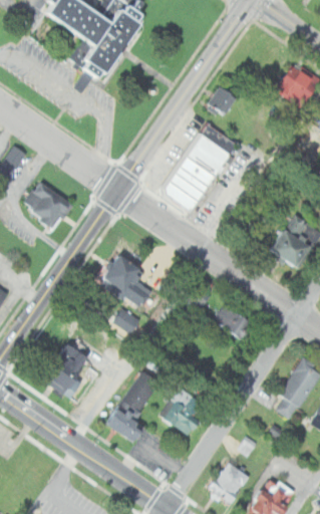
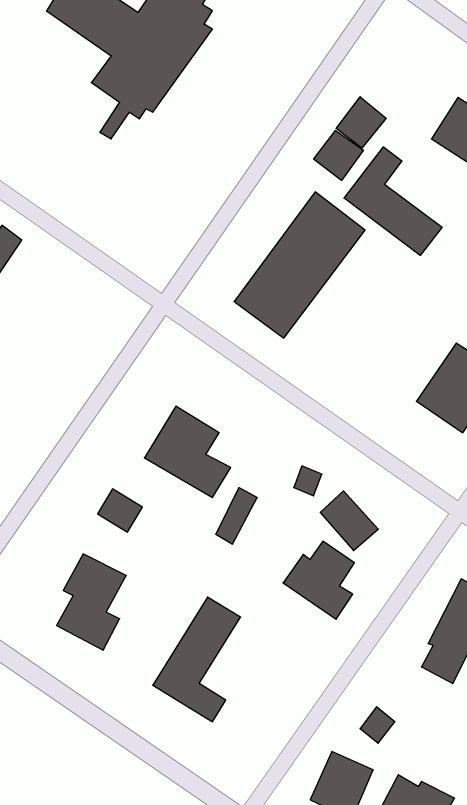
building: none -> [336,97,386,148]
building: none -> [344,147,442,255]
building: [25,182,76,227] -> none
building: [116,308,143,334] -> [98,489,142,532]
building: [161,389,204,436] -> [283,541,354,619]

